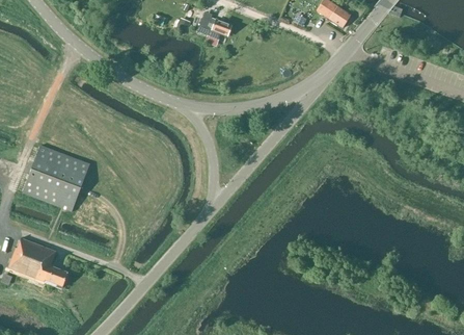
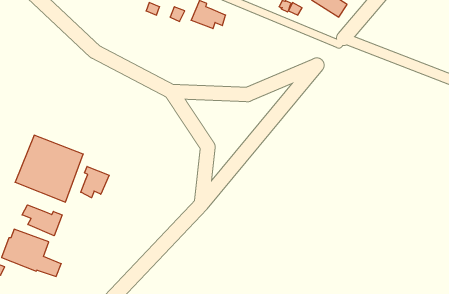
building: none -> [81,166,109,198]
building: none -> [22,205,62,236]

